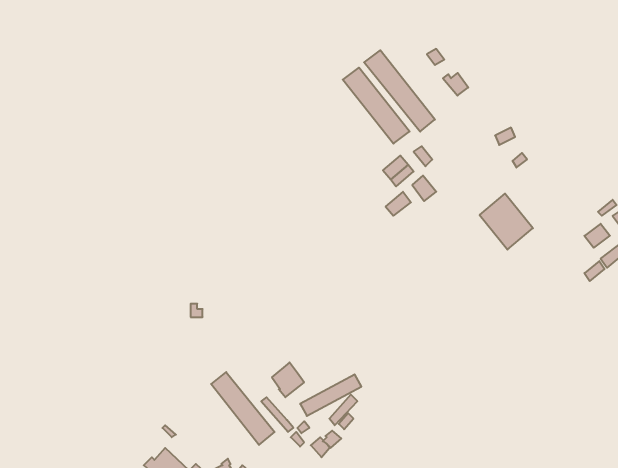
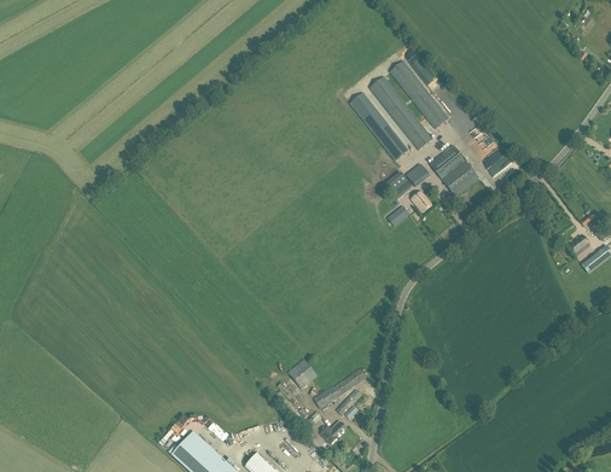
building: none -> [389,59,448,128]
building: [480,194,533,250] -> [429,142,477,193]
building: [211,372,275,445] -> none

